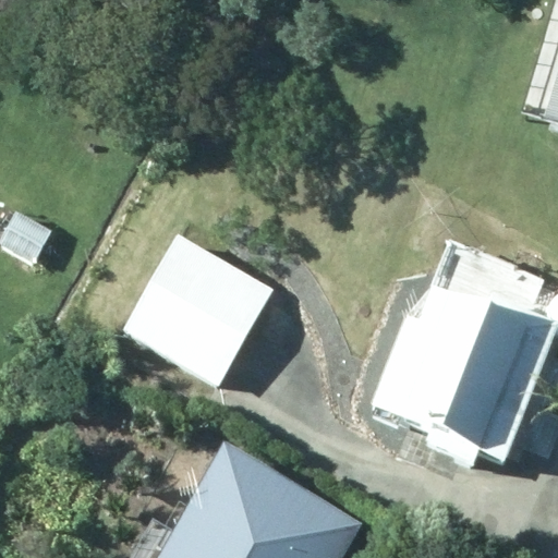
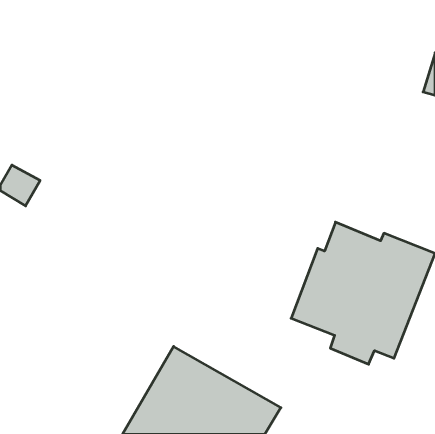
building: [126,239,269,385] -> none

